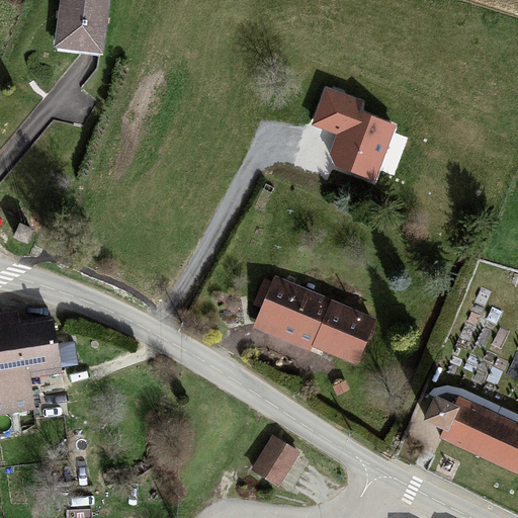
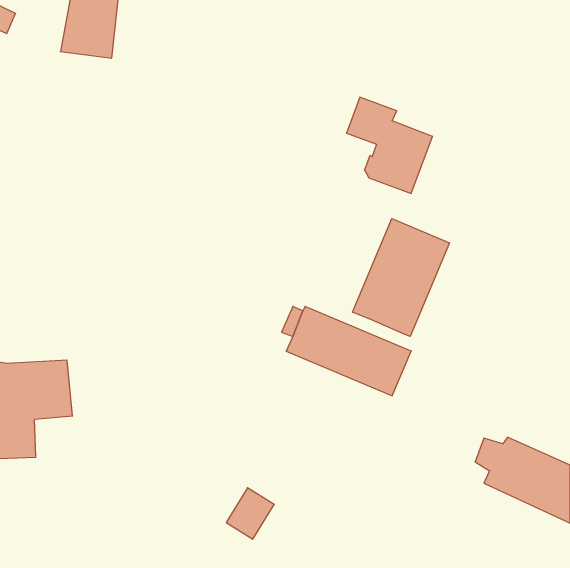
building: none -> [353,219,449,336]
building: [252,444,295,491] -> [226,488,274,539]

